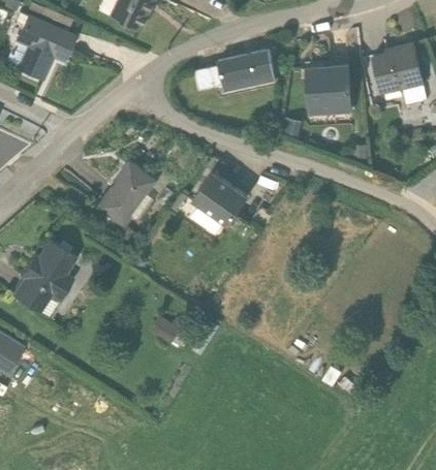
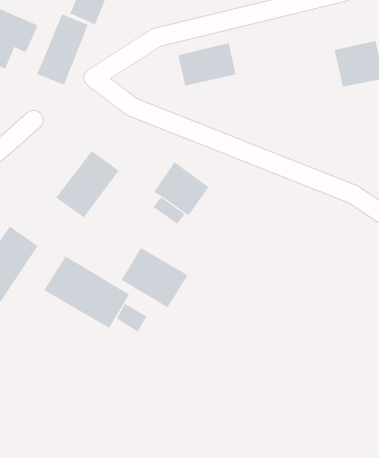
building: none -> [37,14,88,86]
building: [305,65,351,118] -> none
building: none -> [121,247,188,308]
building: none -> [44,256,130,329]

